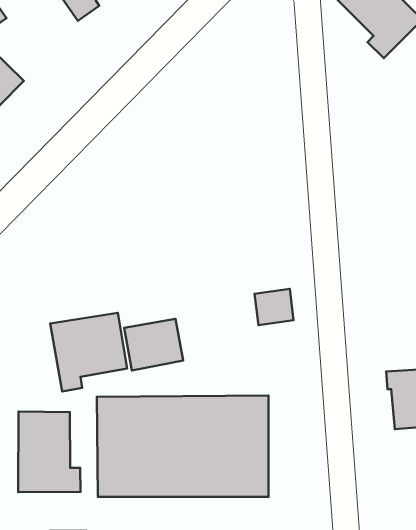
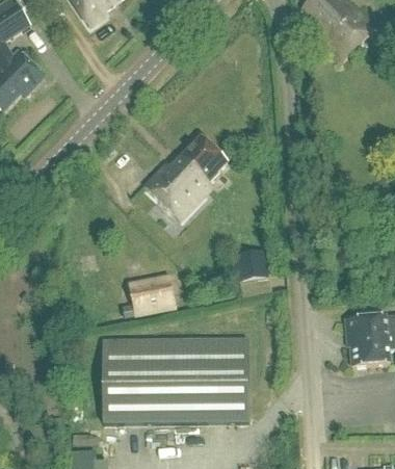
building: none -> [143,136,227,219]
building: [50,313,127,391] -> none
building: [18,412,80,492] -> none

